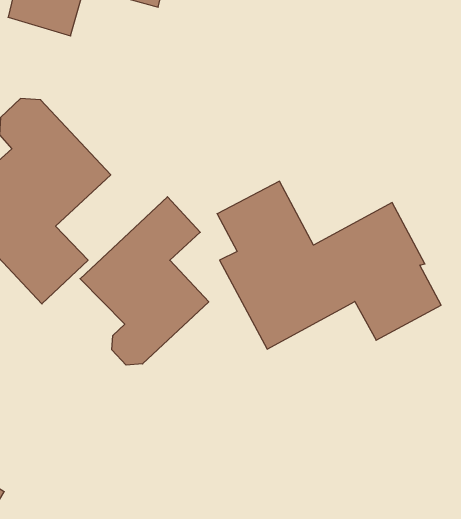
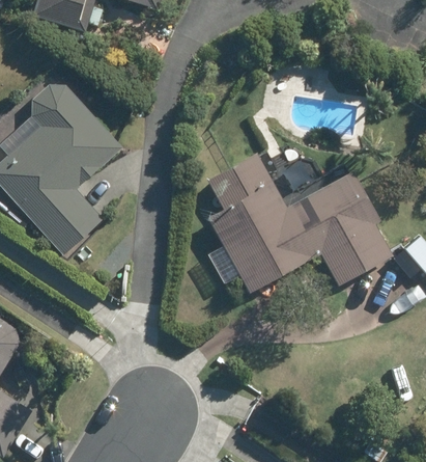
building: [80,197,209,365] -> none

